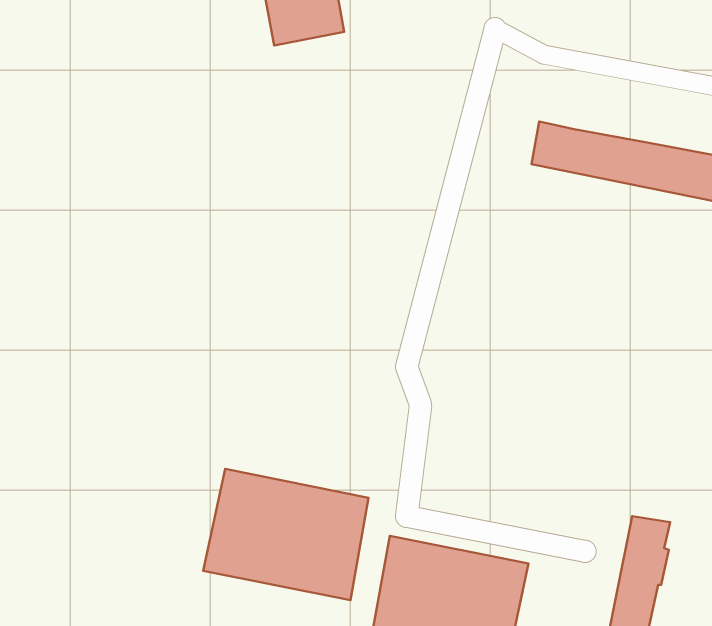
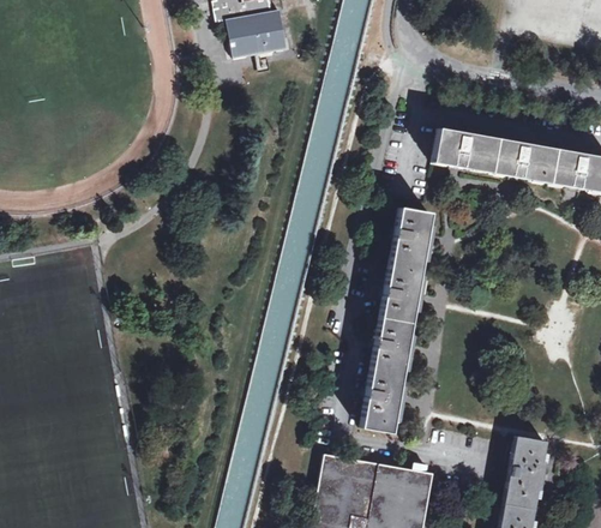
building: none -> [360,205,434,431]
building: [203,469,369,600] -> none

